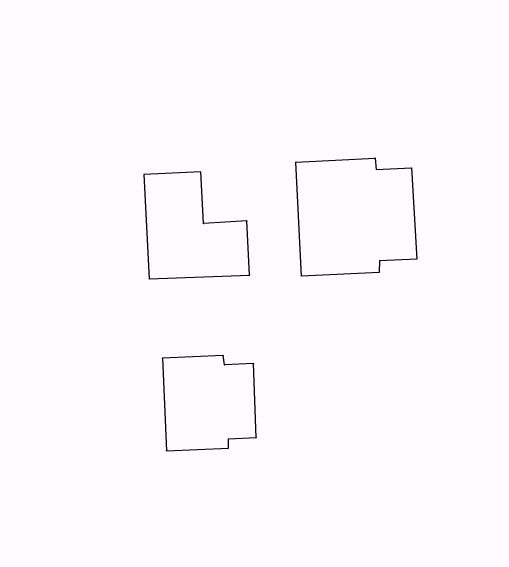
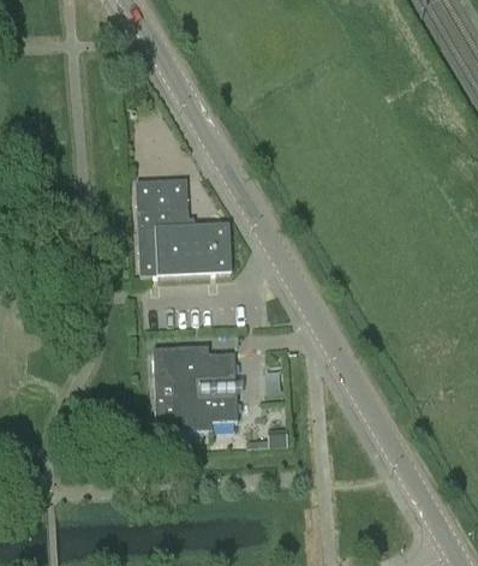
building: [296,158,417,276] -> none

